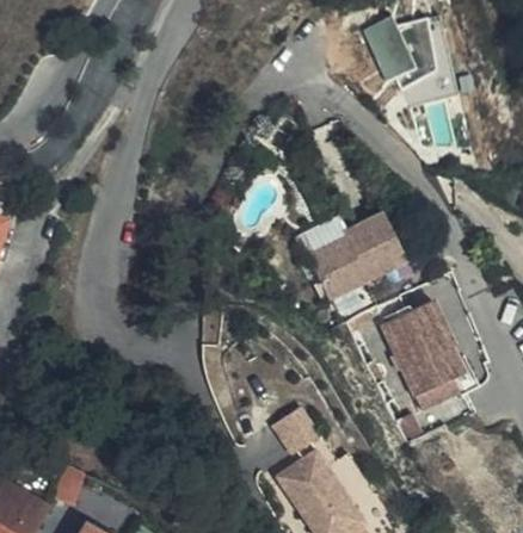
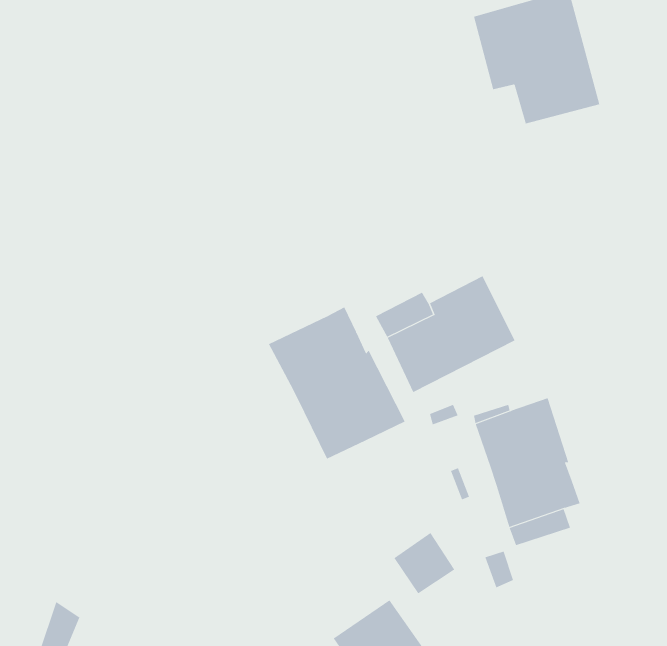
building: none -> [268,306,406,459]
building: [272,410,318,455] -> [393,532,455,594]

